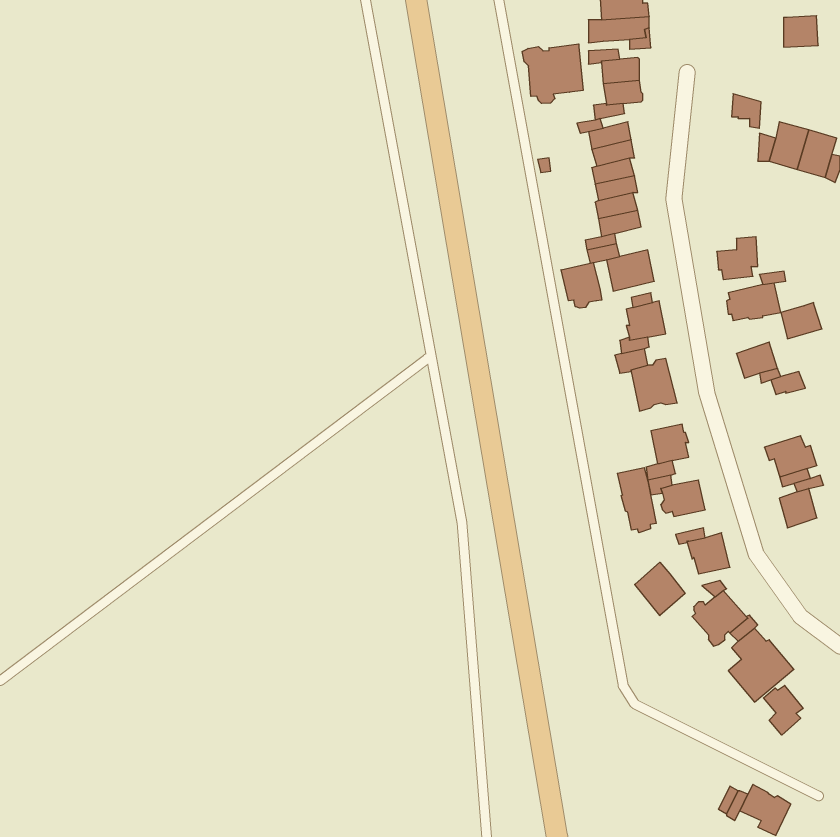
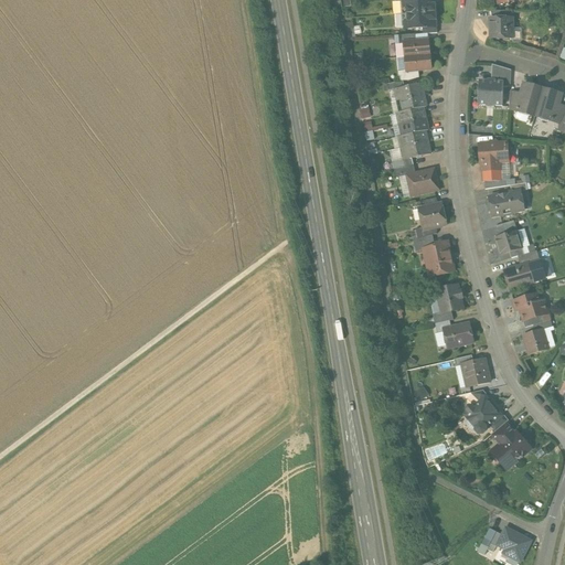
building: [784,16,818,47] -> [490,17,513,38]
building: [522,44,583,103] -> none
building: none -> [478,78,503,105]
building: none -> [480,139,508,169]
building: [561,263,602,308] -> none
building: [781,303,822,339] -> [505,263,533,287]
building: [617,468,656,533] -> none
building: [635,562,685,616] -> none
building: [763,685,803,735] -> none

